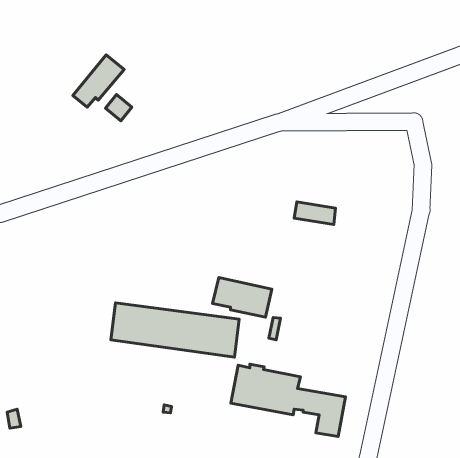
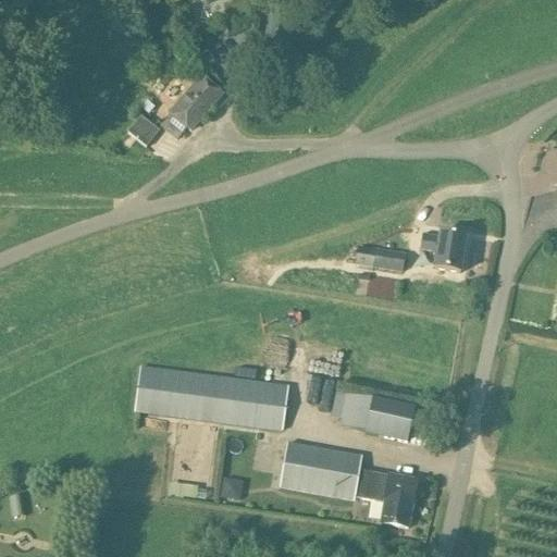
building: [73,55,124,107] -> [161,75,223,138]
building: none -> [421,231,467,271]
building: [212,277,272,317] -> [344,393,416,441]

